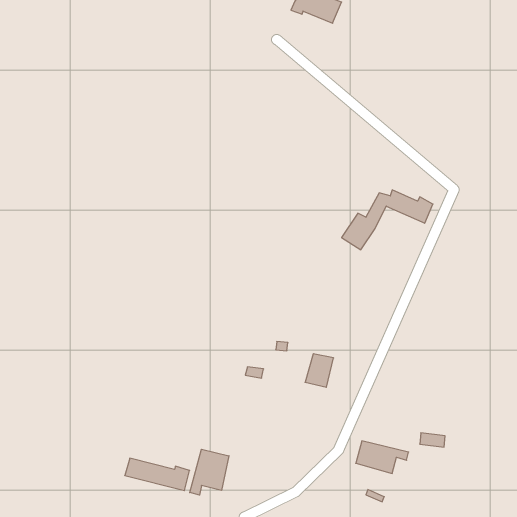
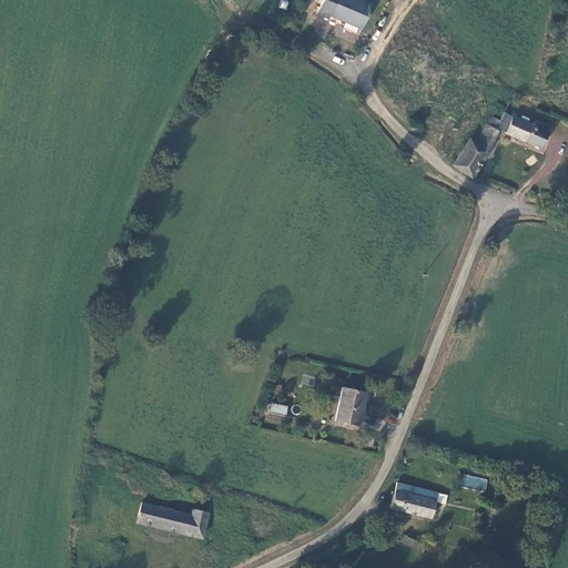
building: [342,190,433,250] -> [450,112,550,178]
building: [190,449,229,495] -> none

